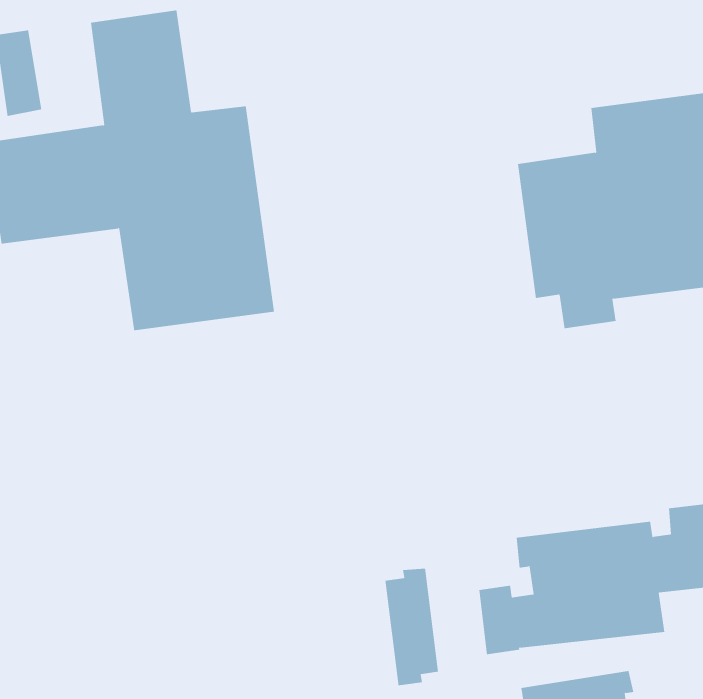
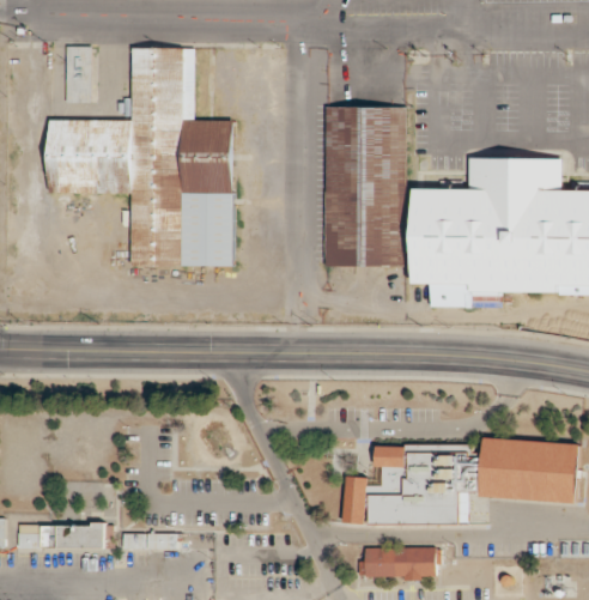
building: none -> [323,107,403,266]
building: [385,568,439,686] -> none

